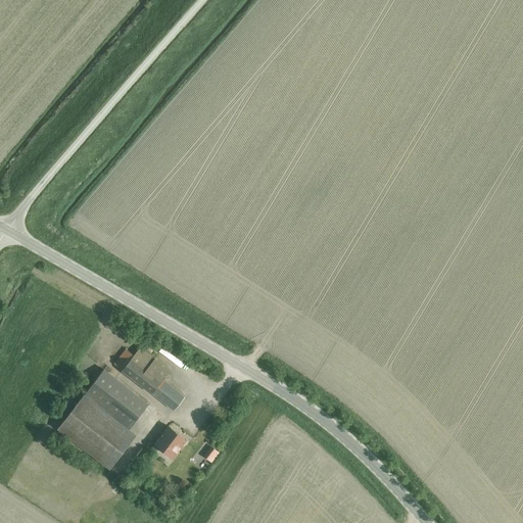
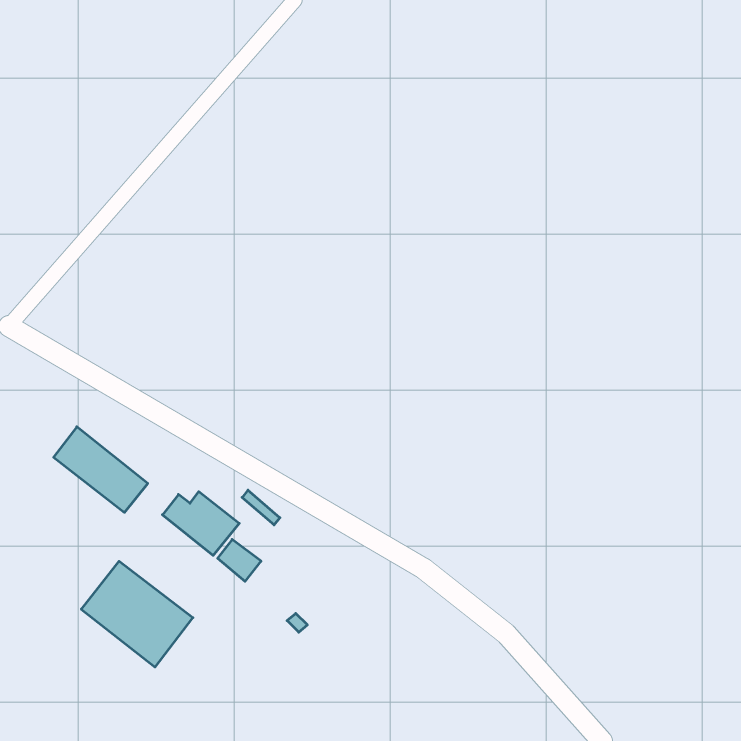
building: [88,370,154,430] -> [54,427,148,512]
building: [154,426,186,457] -> none

